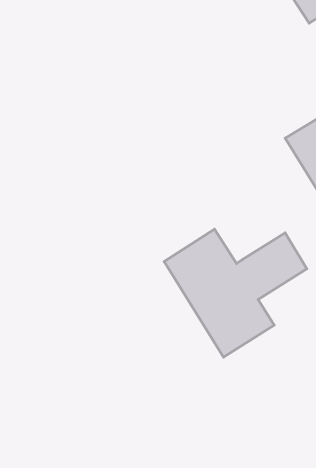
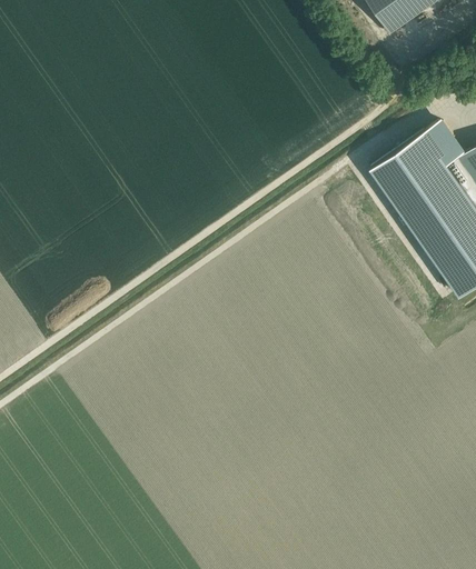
building: [164,229,307,357] -> none

